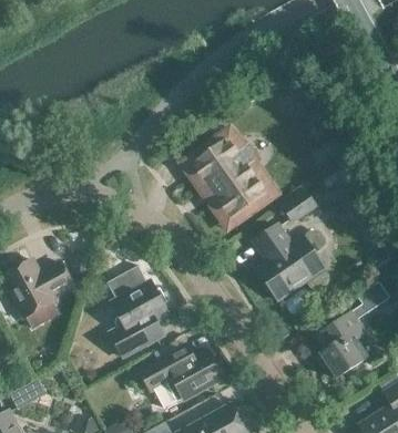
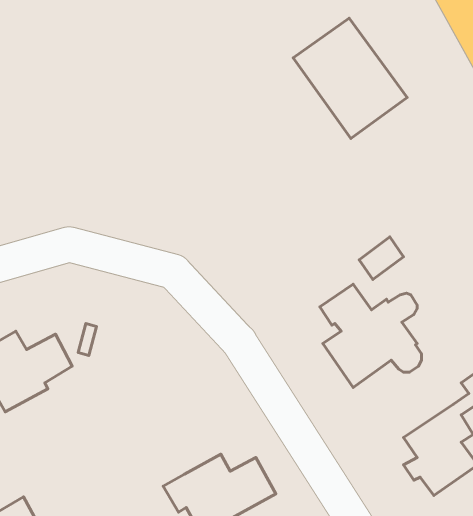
building: [188,126,272,214] -> [293,18,407,138]
building: [106,272,169,355] -> none

